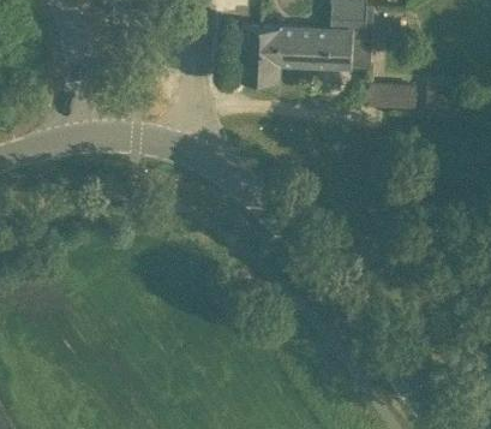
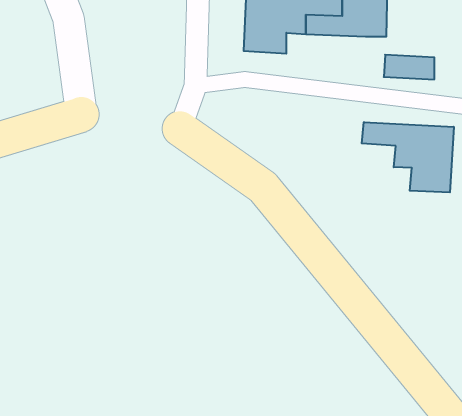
building: none -> [362,122,454,192]

